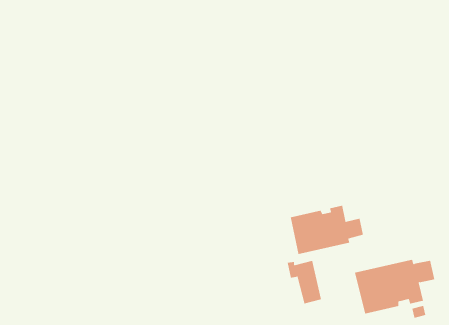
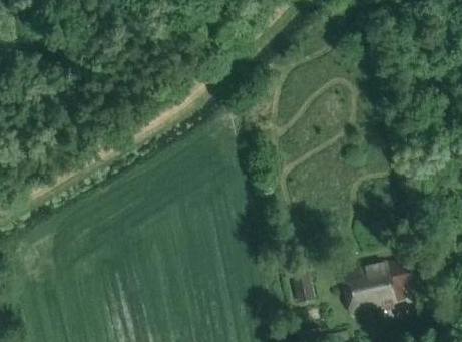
building: [290,205,364,255] -> none

